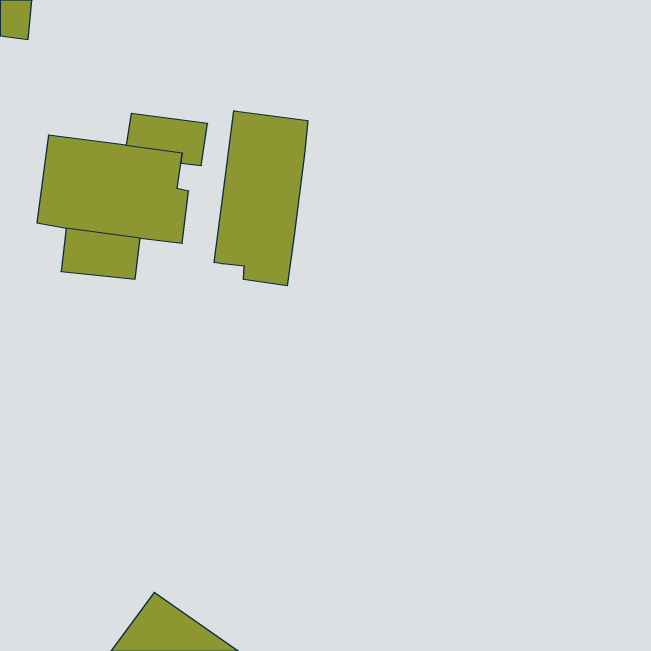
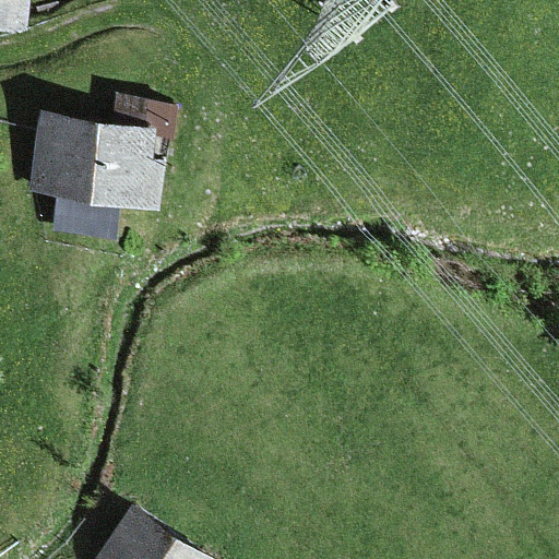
building: [214,111,308,286] -> none

